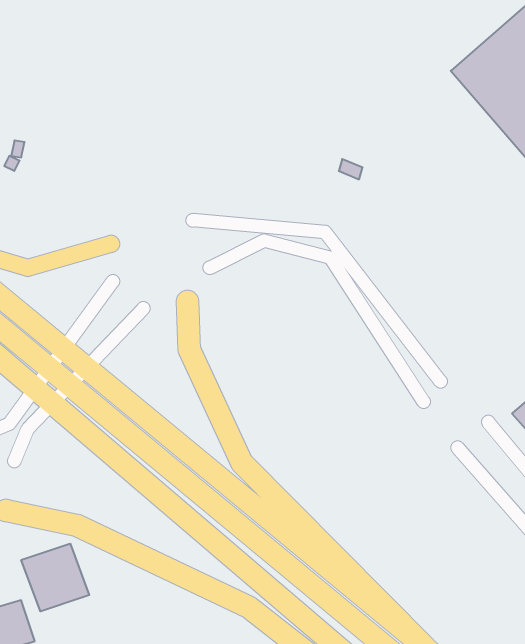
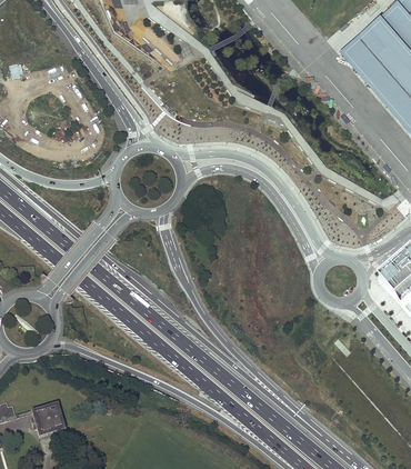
building: [21,544,89,611] -> none

